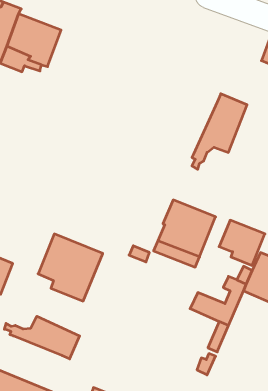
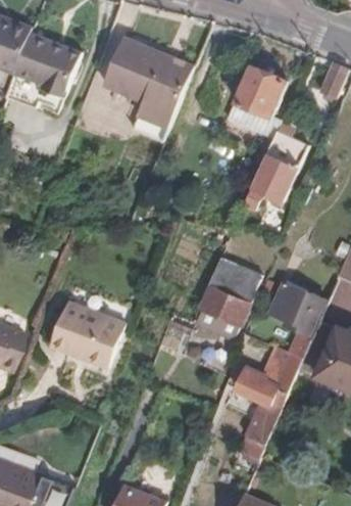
building: none -> [103,37,191,128]
building: none -> [224,65,286,139]
building: [4,316,80,359] -> none

